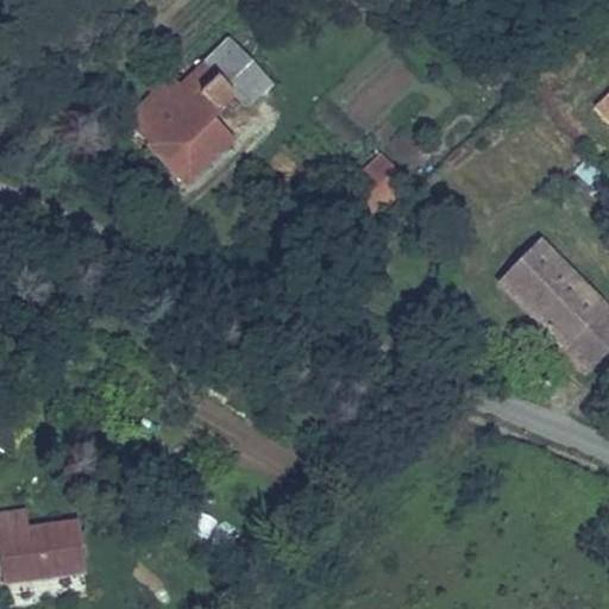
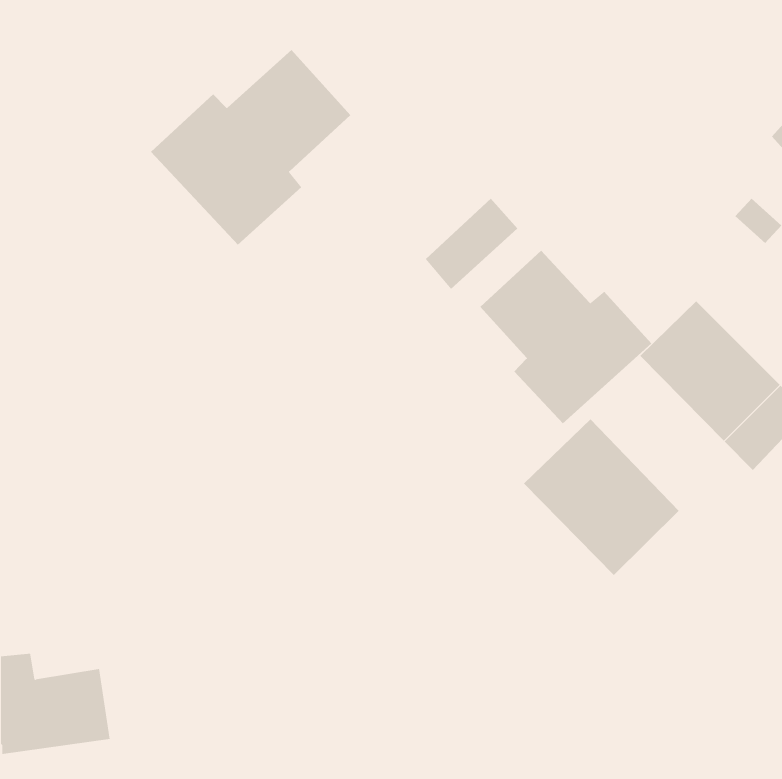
building: none -> [480,250,652,424]
building: none -> [523,419,679,576]

